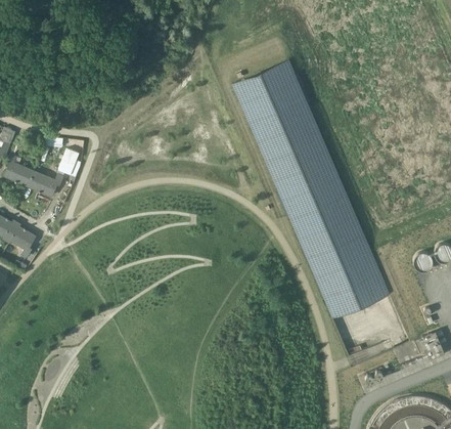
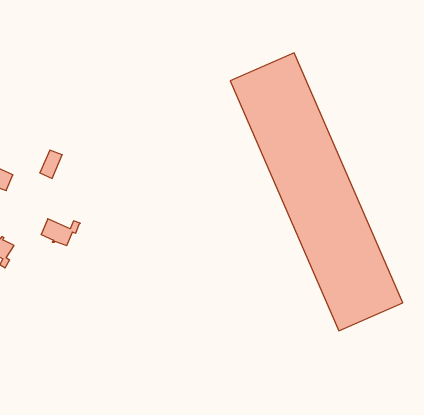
building: [27,171,62,196] -> [41,219,80,246]

